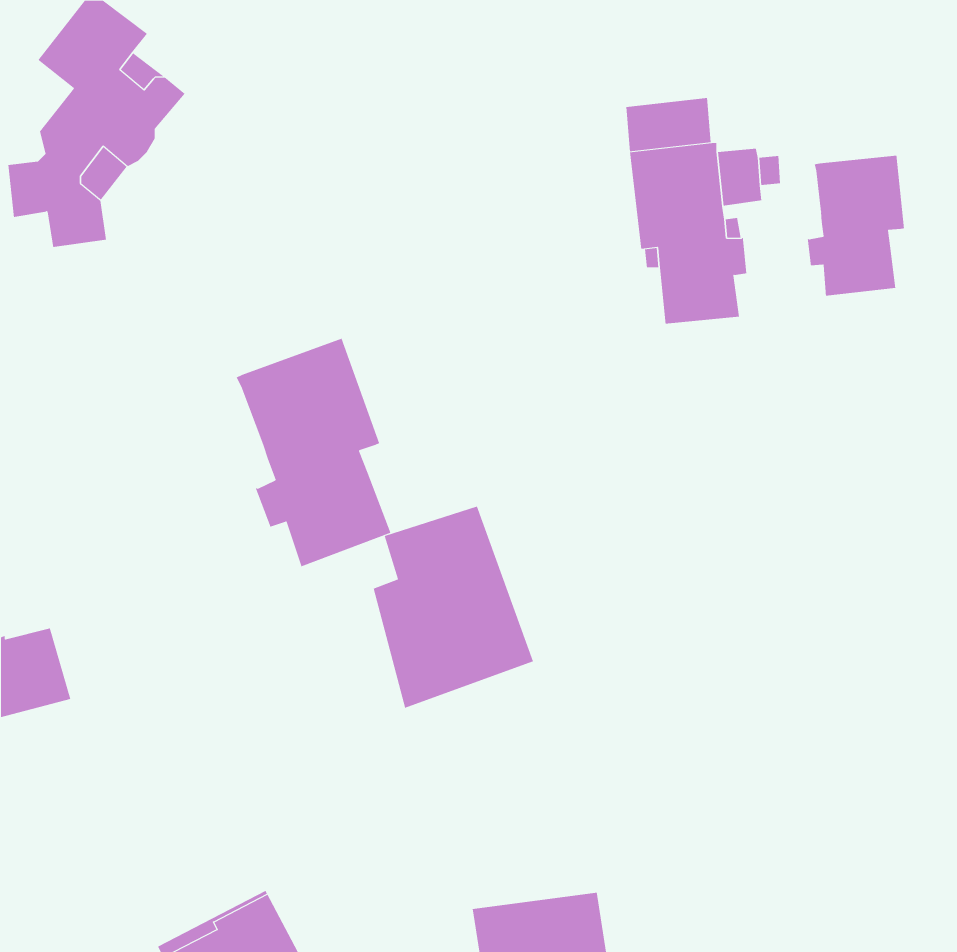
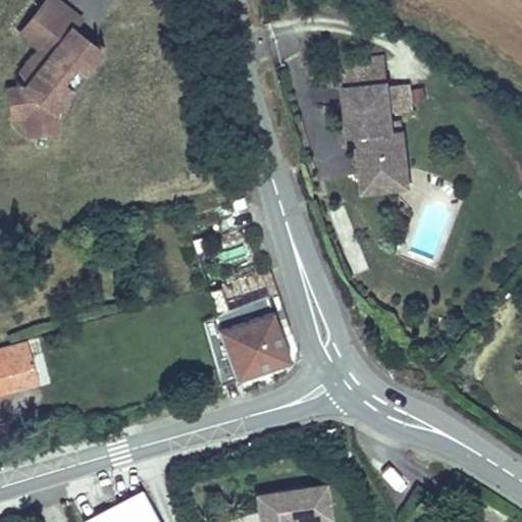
building: [807,155,904,296] -> none
building: none -> [362,152,411,195]
building: [236,338,391,567] -> none

